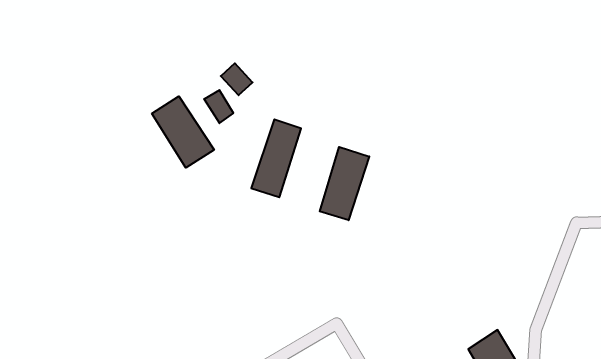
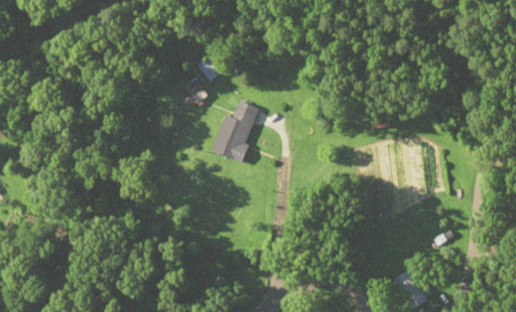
building: [152,96,214,168] -> none
building: [320,147,369,220] -> none

